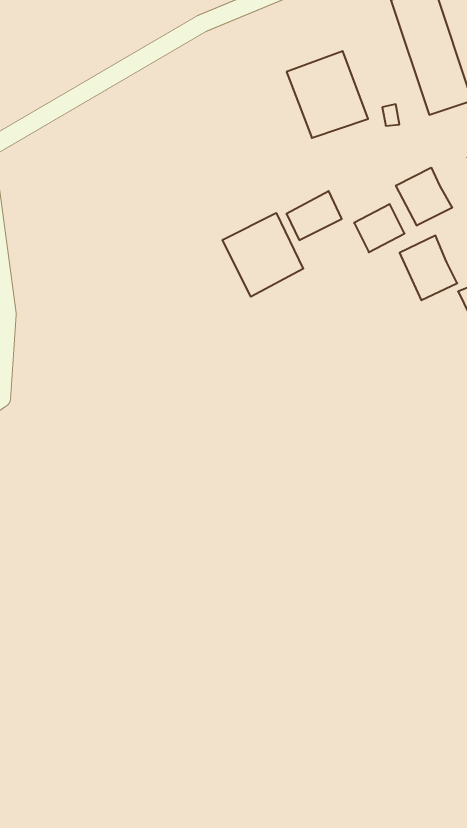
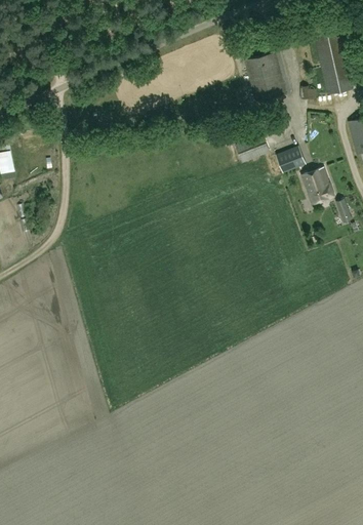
building: [396,168,452,226] -> none
building: [223,213,303,297] -> none

